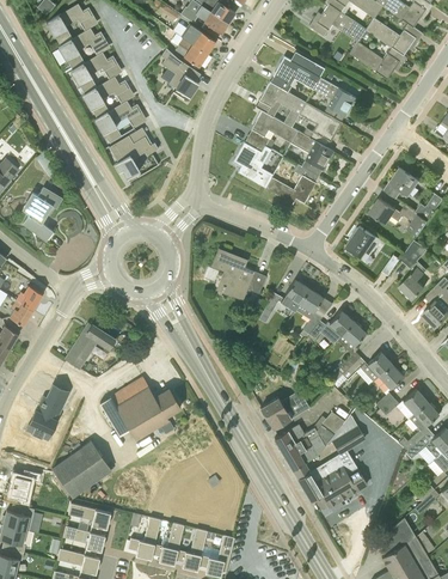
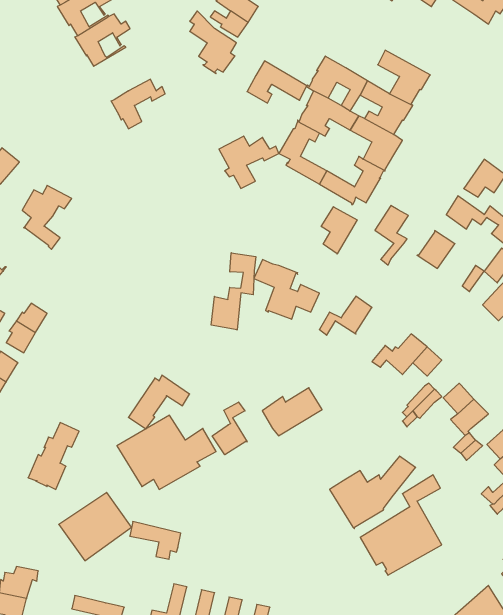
building: [349,43,406,80] -> none
building: [270,57,319,92] -> [247,61,307,103]
building: [82,77,127,118] -> none
building: [106,136,155,179] -> [219,136,279,188]
building: none -> [321,207,357,254]
building: none -> [211,253,256,330]
building: [295,290,323,339] -> [375,205,408,265]
building: [65,324,115,368] -> [128,375,190,429]
building: none -> [212,402,247,455]
building: [260,390,309,429] -> [262,388,322,436]
building: [10,470,41,501] -> none
building: [68,504,110,535] -> [130,522,181,559]

